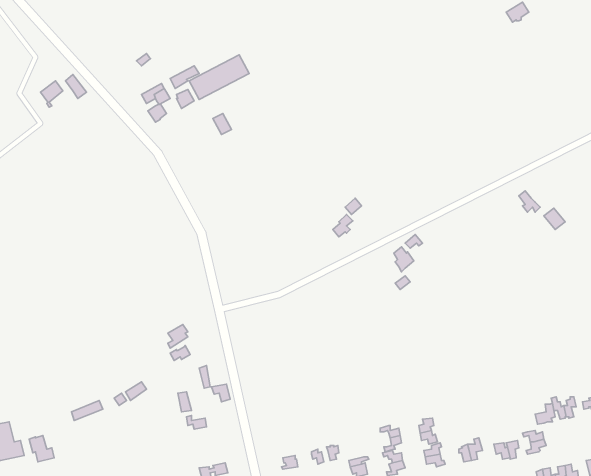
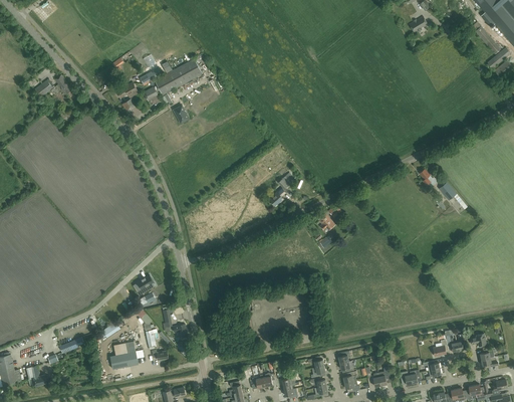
building: none -> [110,341,145,368]

